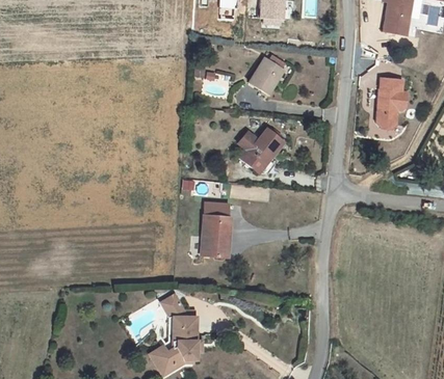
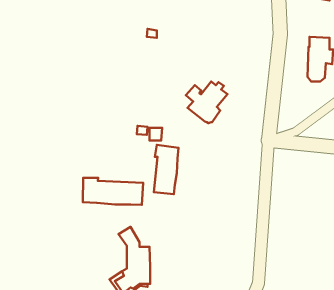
building: [250,55,285,96] -> none
building: none -> [83,178,143,205]

